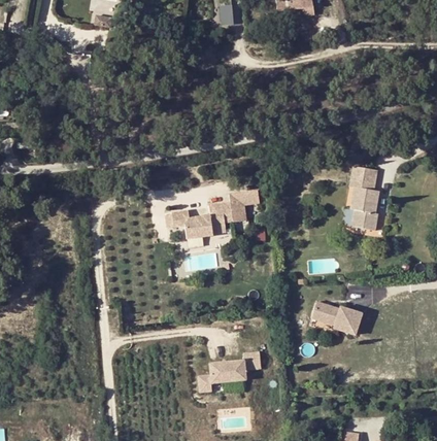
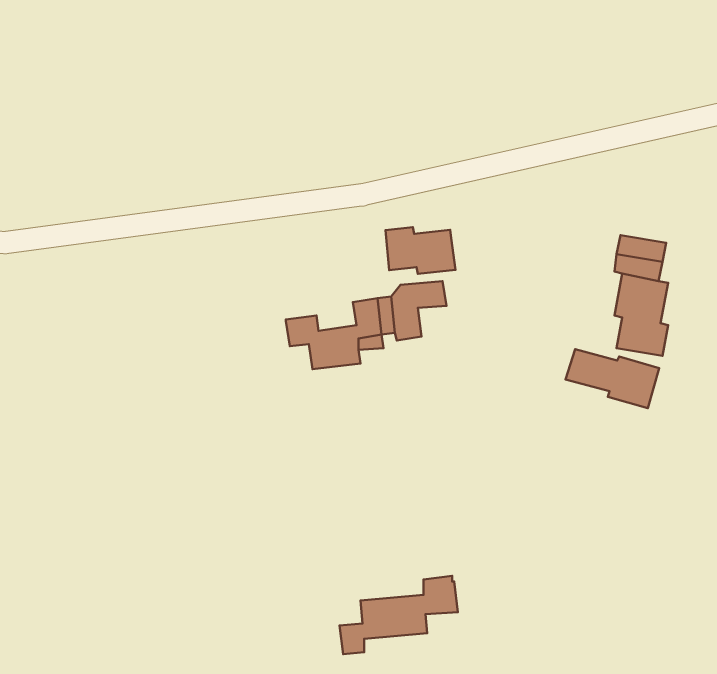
building: none -> [385,227,456,274]
building: [309,303,360,335] -> [566,349,659,408]

